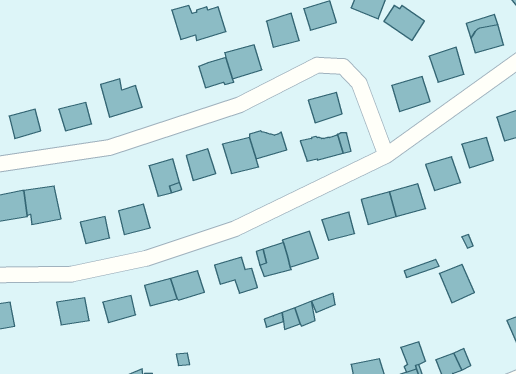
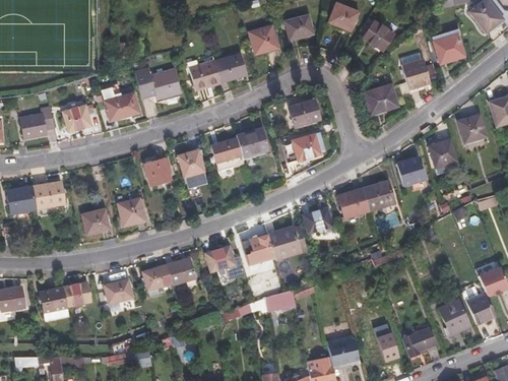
building: [172,6,226,41] -> [133,68,182,100]
building: [439,264,474,303] -> [438,300,469,334]
building: none -> [33,287,66,313]

